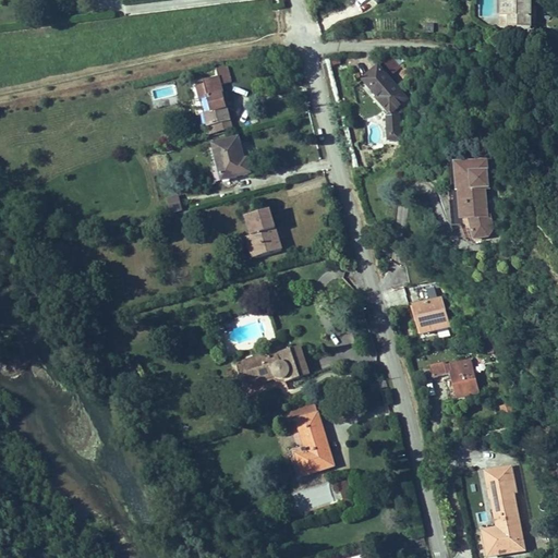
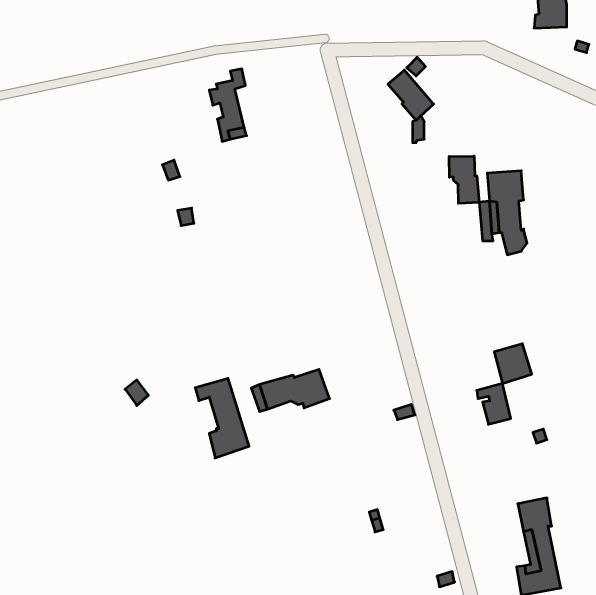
building: [211,136,253,179] -> none
building: none -> [449,156,479,203]
building: [245,209,280,256] -> none
building: [413,296,448,333] -> [494,344,532,383]
building: [282,400,332,474] -> [195,378,249,458]

